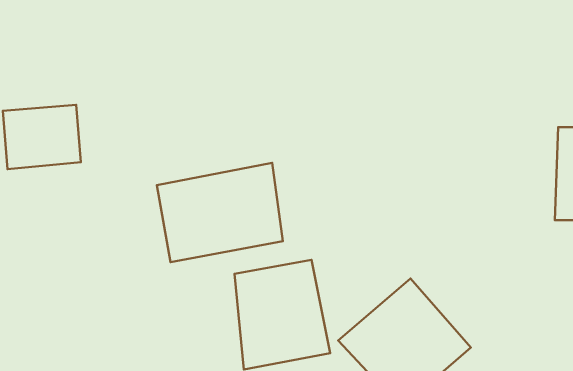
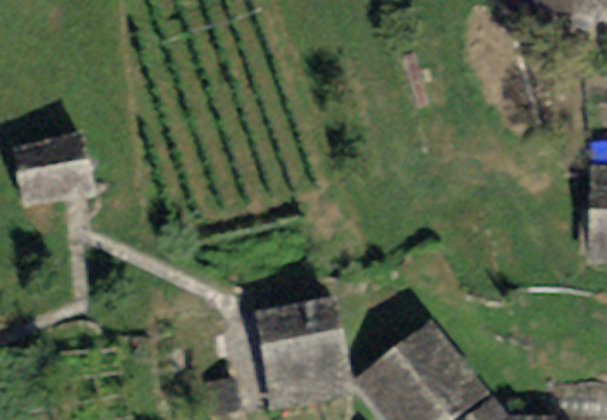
building: [157,163,283,262] -> none

